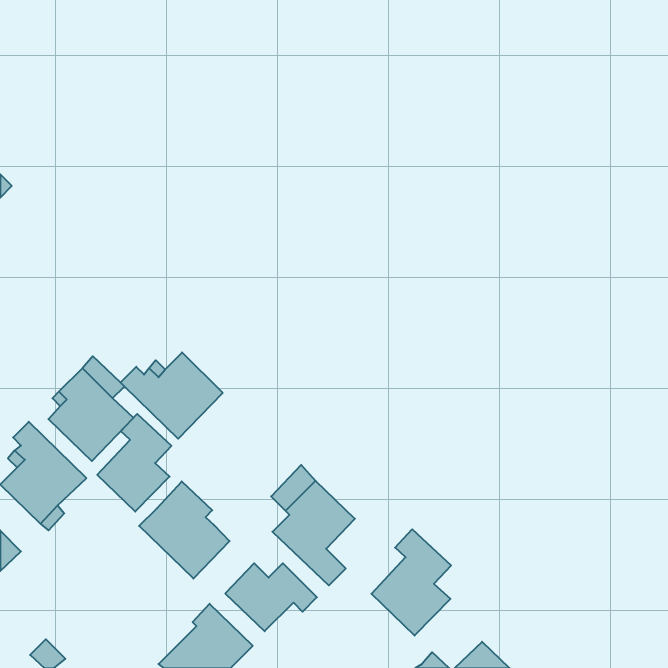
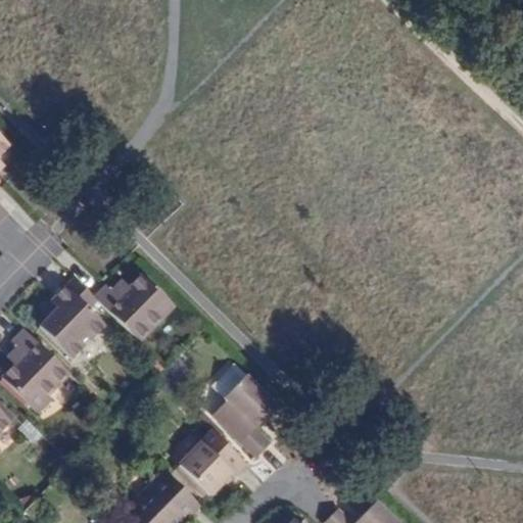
building: [97,414,171,512] -> none
building: [139,481,230,579] -> none
building: [371,529,451,636] -> none

